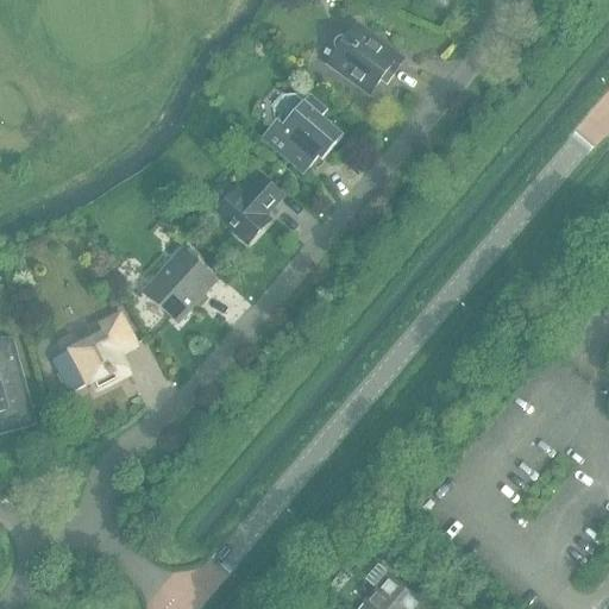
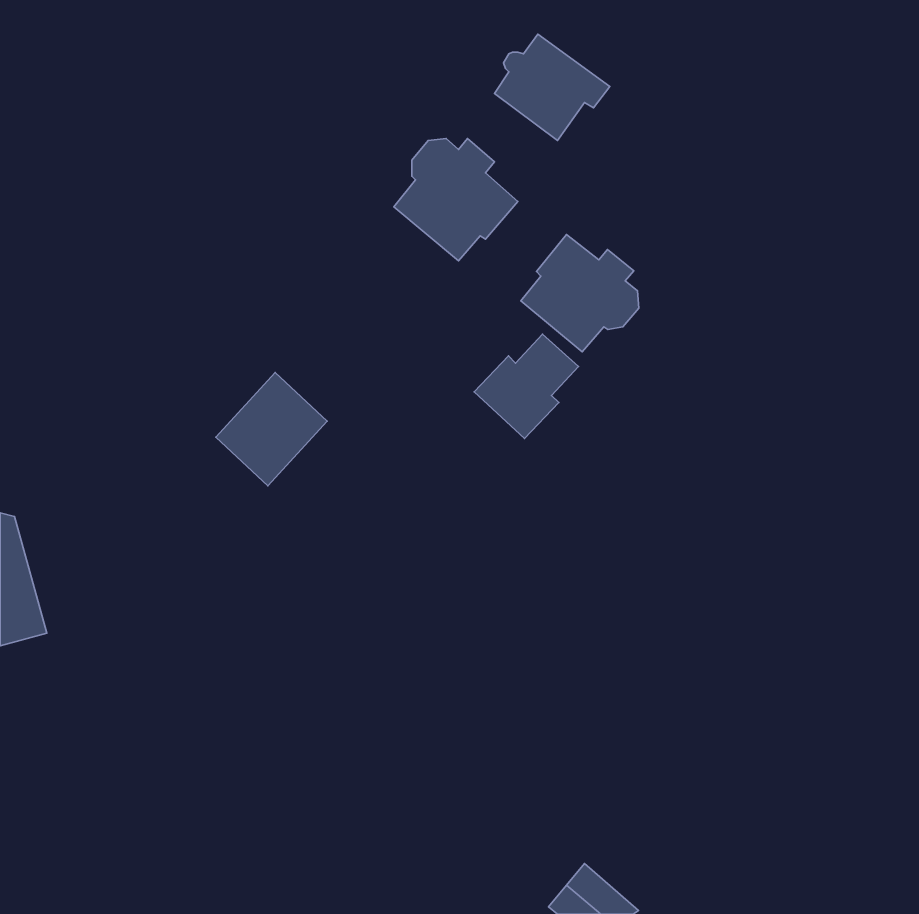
building: none -> [521,235,639,352]
building: [214,172,283,241] -> [474,334,579,439]
building: [56,312,136,389] -> none

